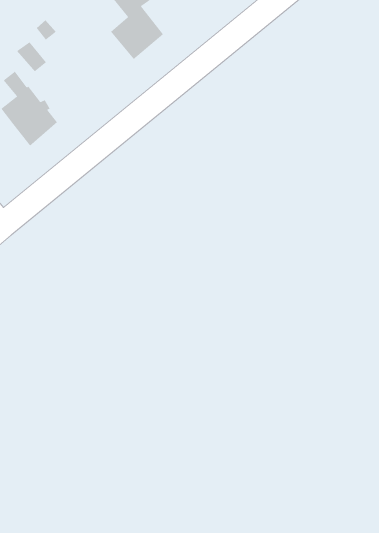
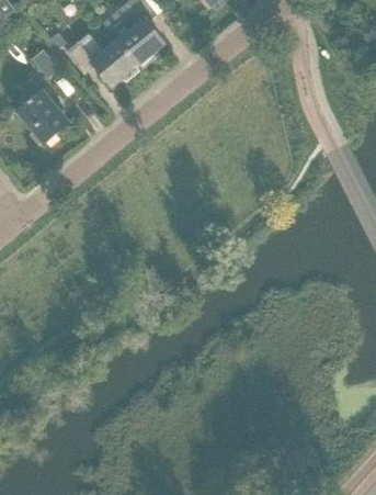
building: none -> [66,34,136,87]

